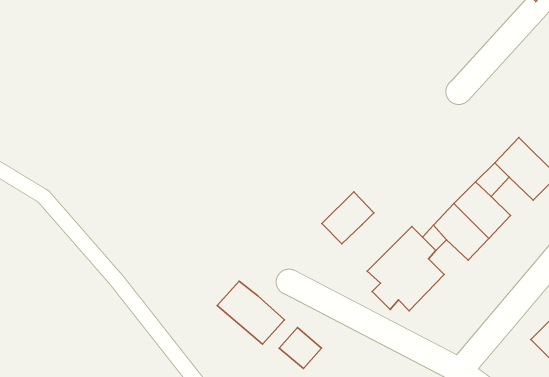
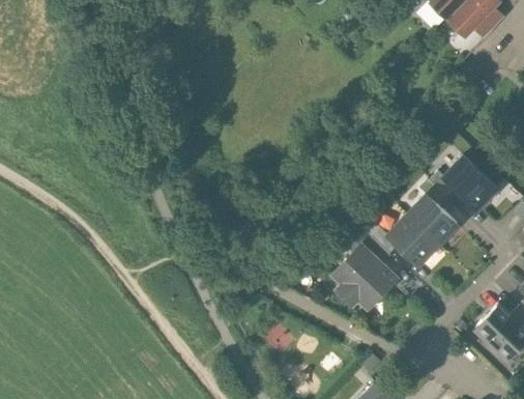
building: [322,192,374,244] -> none
building: [217,281,285,344] -> none

